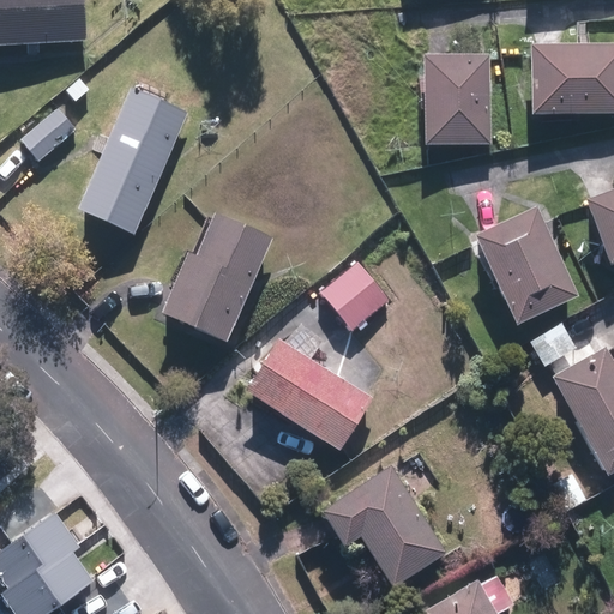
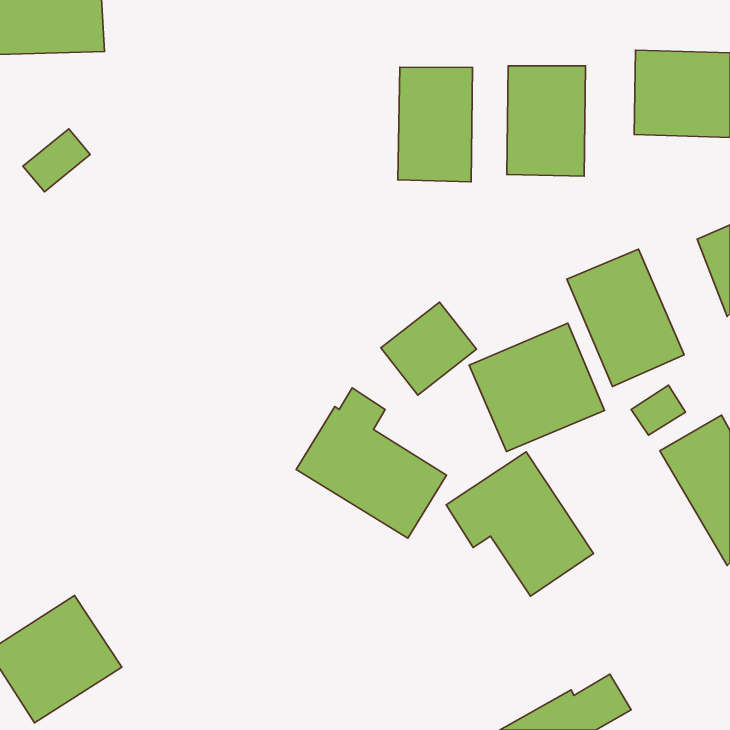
building: none -> [398,67,473,182]
building: [79,89,189,235] -> none
building: [164,213,273,341] -> none
building: none -> [469,323,604,451]
building: [324,466,447,588] -> [446,452,594,596]

